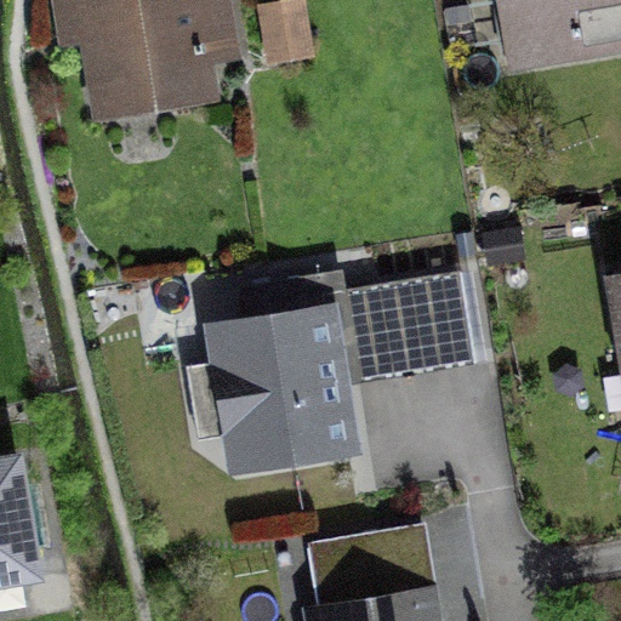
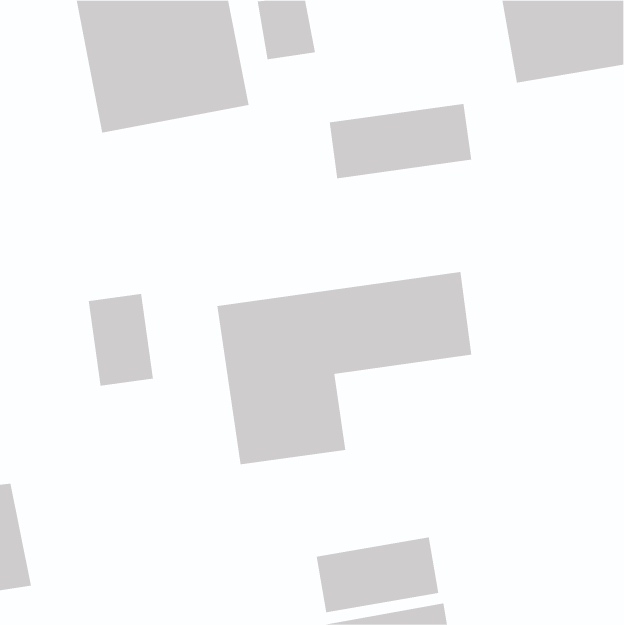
building: none -> [329,103,472,179]
building: none -> [88,293,153,387]

